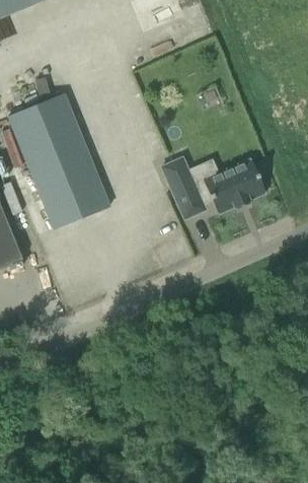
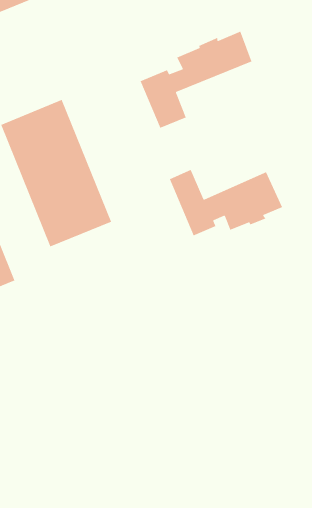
building: none -> [140,30,253,129]

